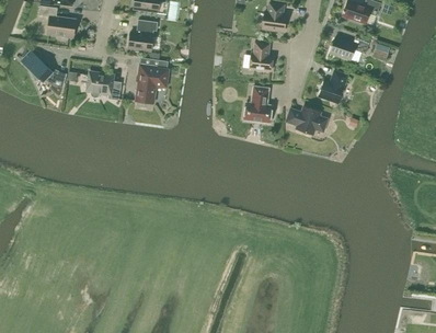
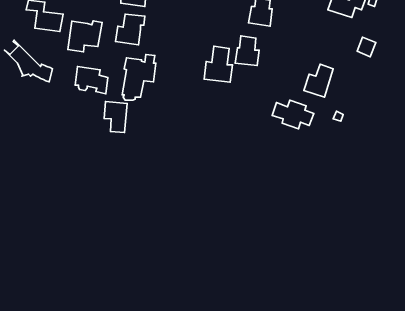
building: none -> [68,21,102,52]
building: [330,36,370,60] -> none
building: [243,87,272,123] -> [204,46,232,82]
building: none -> [104,102,127,132]

